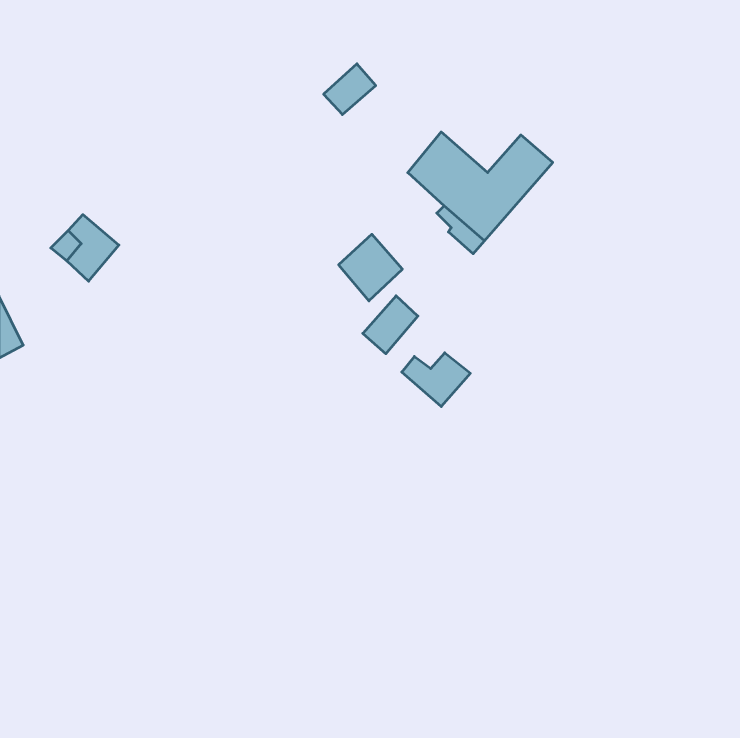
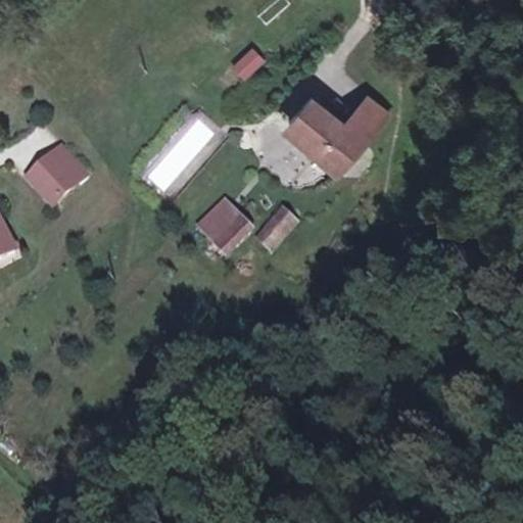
building: [339,234,402,301] -> [201,202,246,249]
building: [402,353,470,407] -> none

